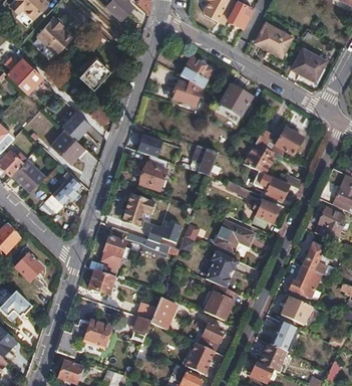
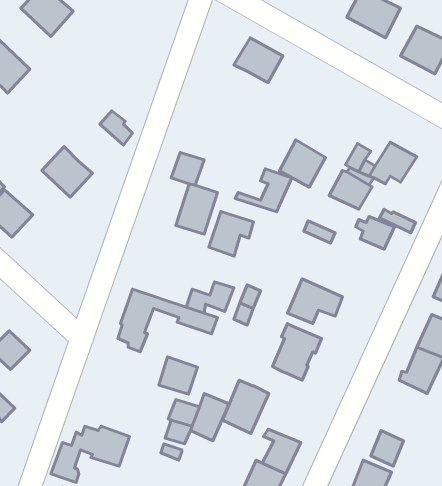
building: [78,56,110,88] -> none
building: [173,79,201,105] -> none
building: [220,82,251,115] -> [279,140,325,187]
building: [61,111,89,140] -> none
building: [53,175,82,204] -> none
building: [122,194,152,224] -> [209,212,253,256]
building: [251,200,280,226] -> none
building: [87,267,113,293] -> [159,357,197,394]
building: [206,283,237,320] -> [223,380,269,434]
building: [282,296,312,323] -> none

